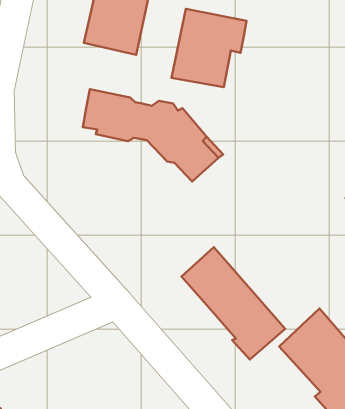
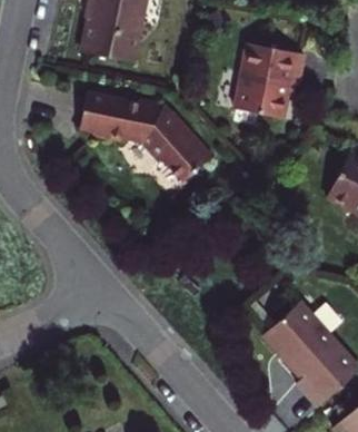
building: [171,9,246,87] -> [233,45,304,118]
building: [181,247,285,359] -> none

